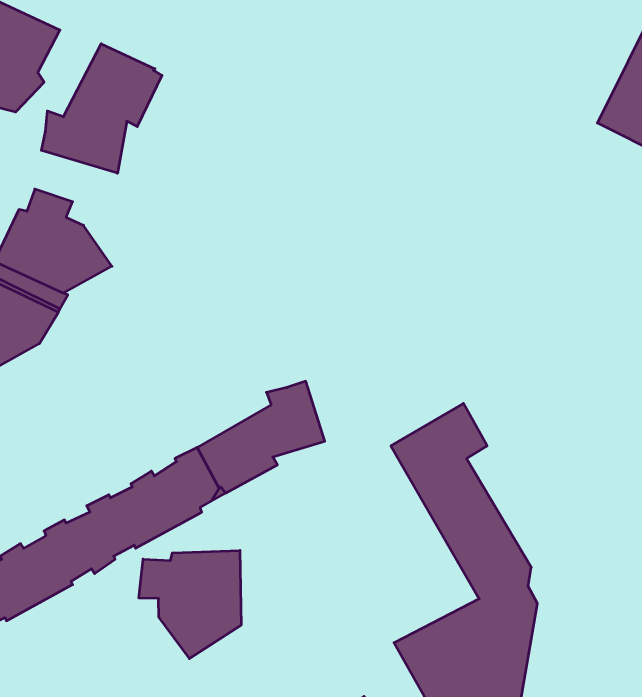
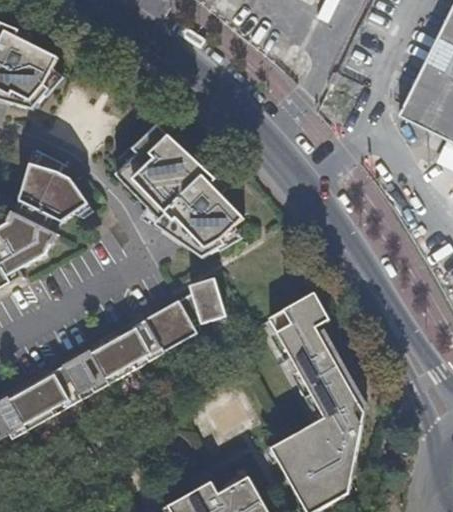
building: [41,44,162,173] -> none
building: none -> [117,123,242,259]
building: [139,550,241,659] -> none

